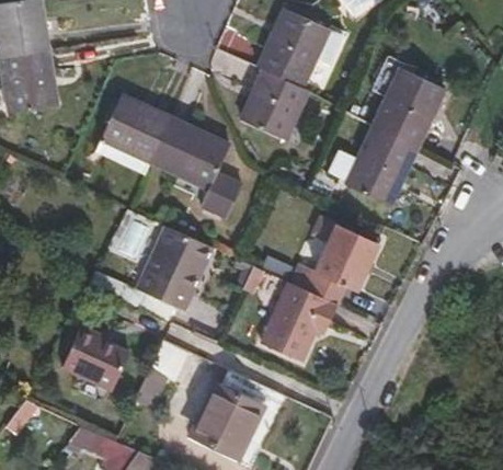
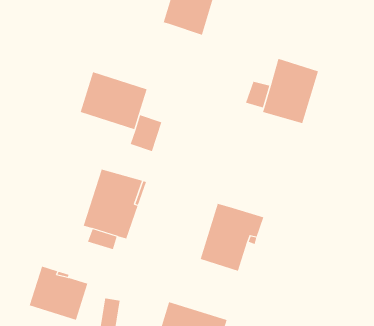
building: [379,71,450,150] -> none
building: [237,73,305,145] -> none
building: [100,92,169,159] -> none
building: [306,217,376,306] -> none

